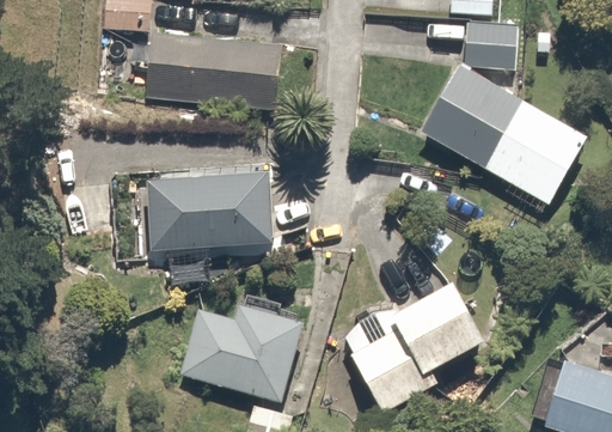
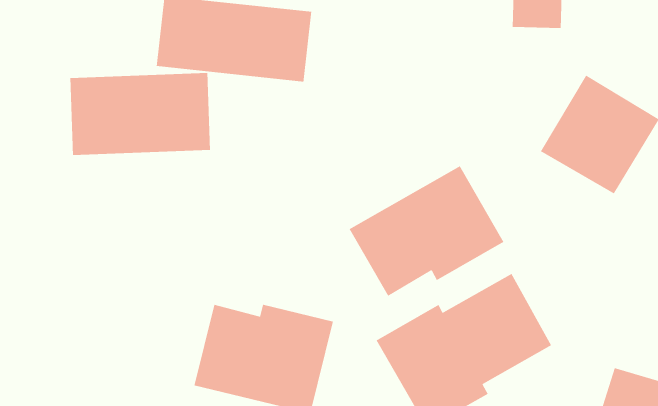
building: [426,66,528,171] -> none
building: [149,175,275,249] -> [69,72,211,156]
building: none -> [349,165,505,297]

